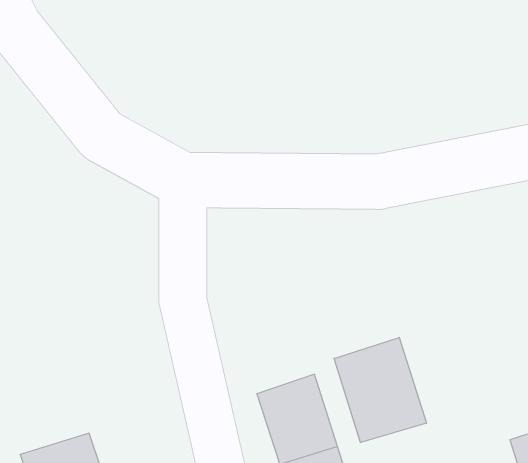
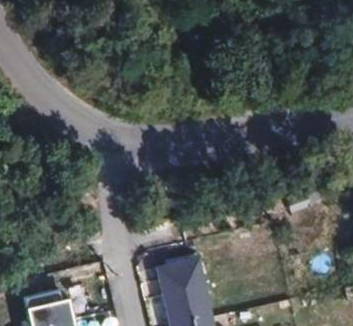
building: [334,337,426,443] -> none

